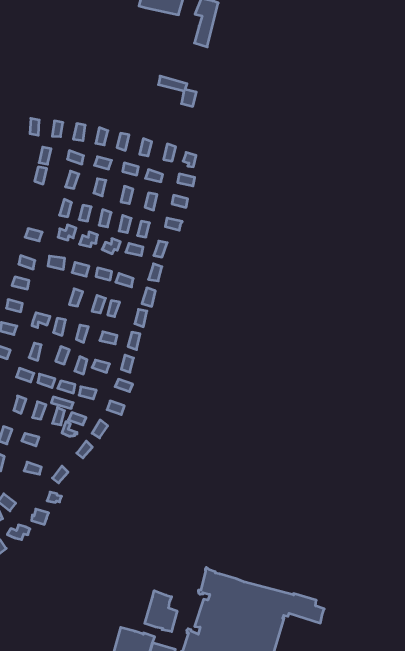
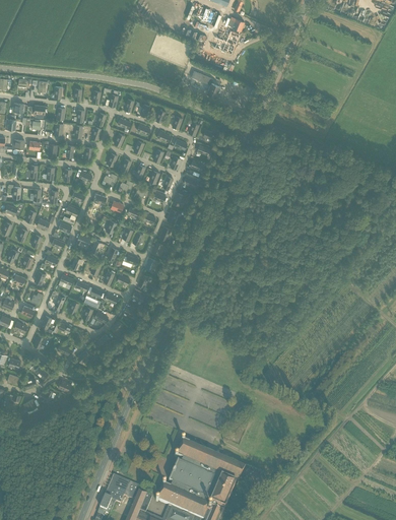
building: [145,591,177,632] -> none

